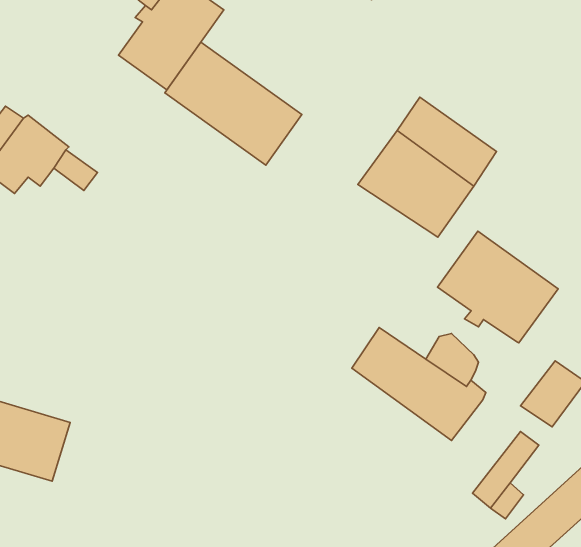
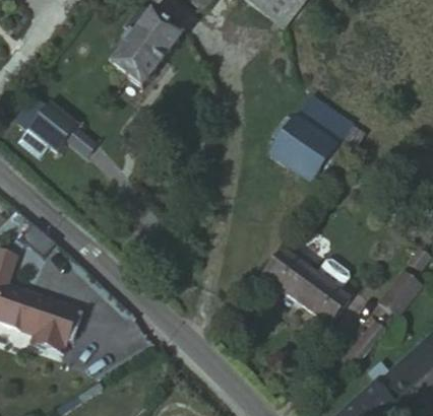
building: [165,42,302,165] -> none
building: [438,231,558,343] -> none

